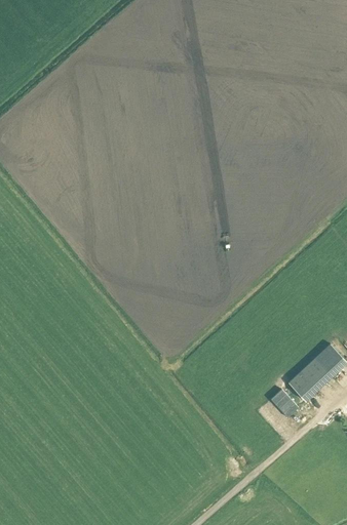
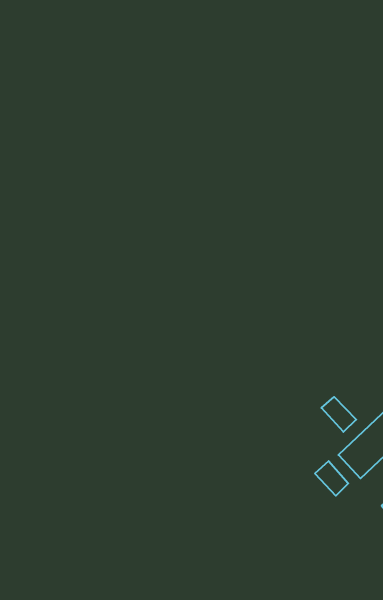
building: none -> [321,397,356,432]

